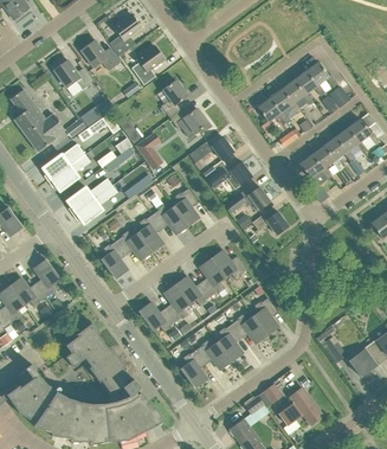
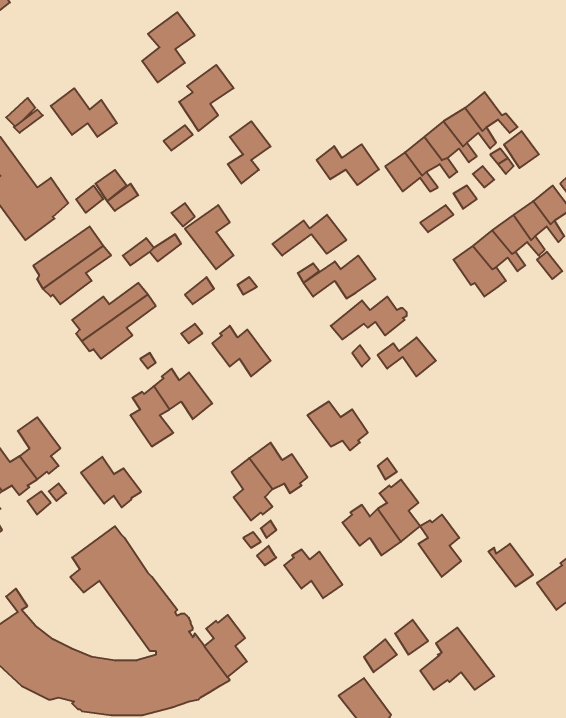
building: [80,39,120,70] -> none
building: [169,108,207,133] -> [317,144,379,185]
building: [173,188,199,225] -> none
building: [137,214,163,251] -> none
building: [199,258,224,296] -> none
building: [138,301,175,332] -> [81,457,141,507]
building: [217,323,243,361] -> [418,515,461,577]
building: [181,349,207,387] -> [204,615,247,677]

